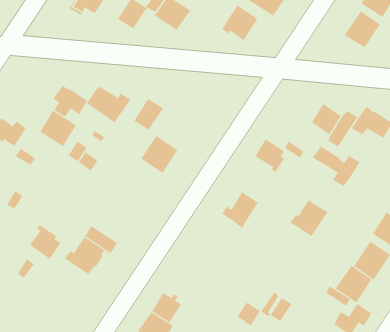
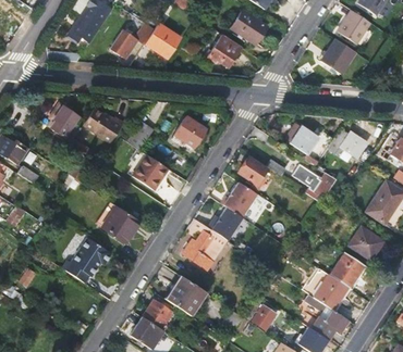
building: none -> [174,116,206,148]
building: [39,110,77,147] -> none
building: none -> [101,206,139,243]
building: [290,199,328,237] -> [221,181,257,216]
building: none -> [183,218,227,269]
building: [29,224,61,260] -> none
building: none -> [166,276,206,315]

